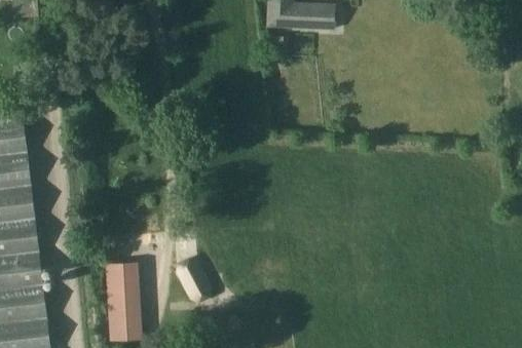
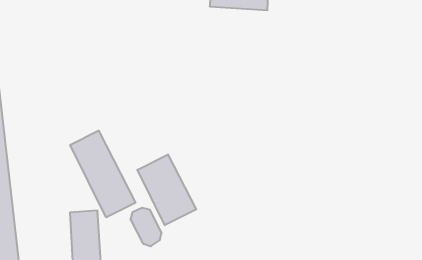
building: none -> [70,131,136,217]
building: none -> [137,154,196,225]

